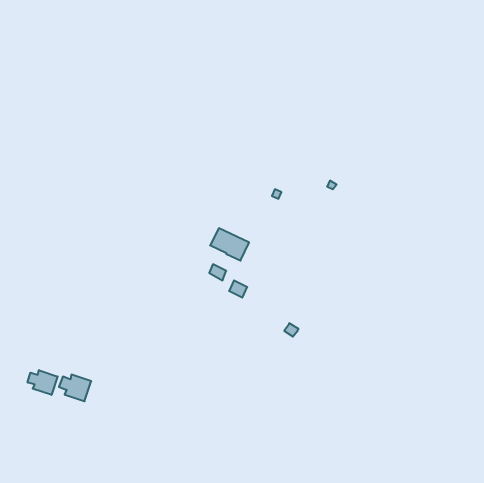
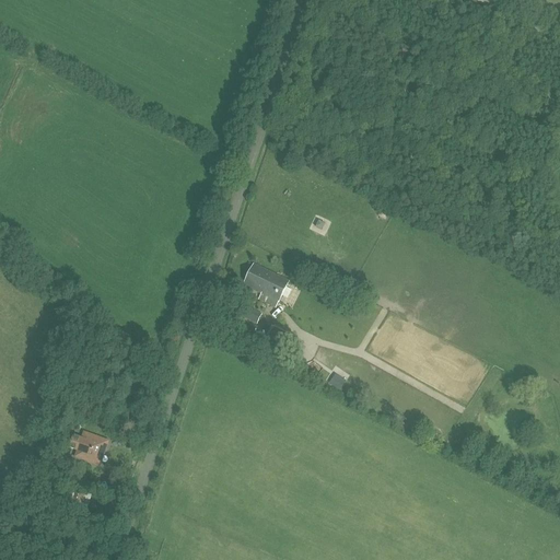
building: [28,370,58,395] -> none

